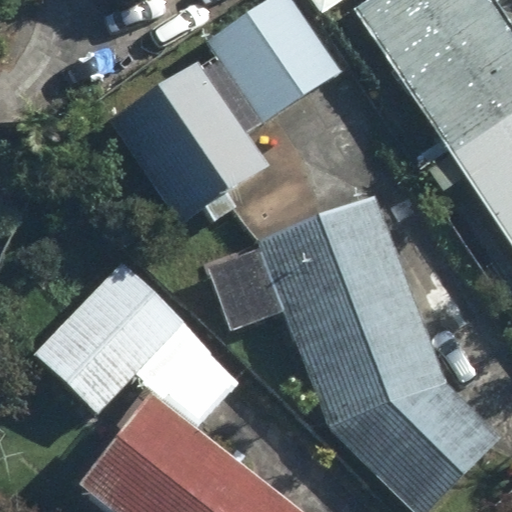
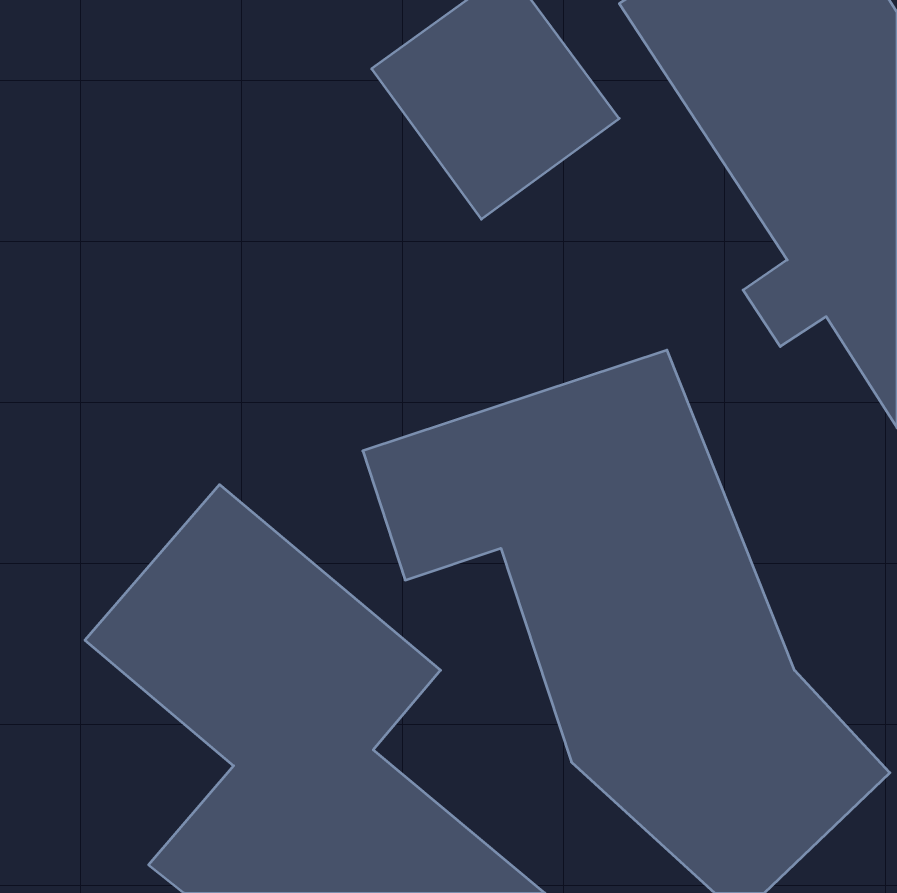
building: [96,60,269,227] -> none

